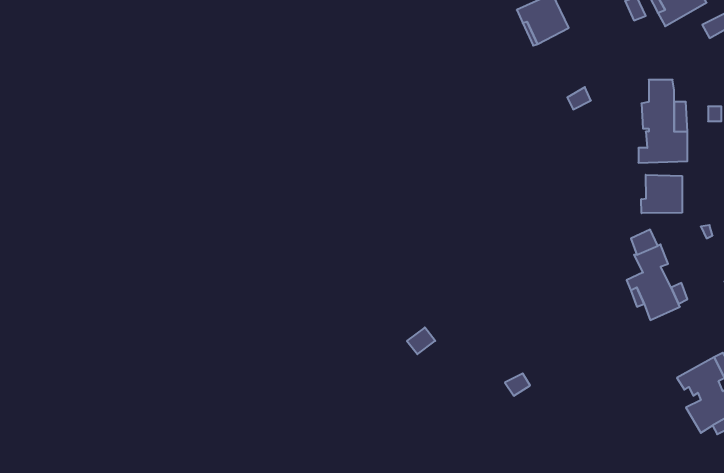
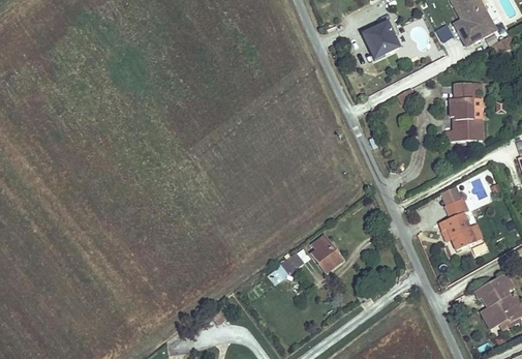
building: [641,175,682,213] -> none
building: none -> [314,233,343,269]

